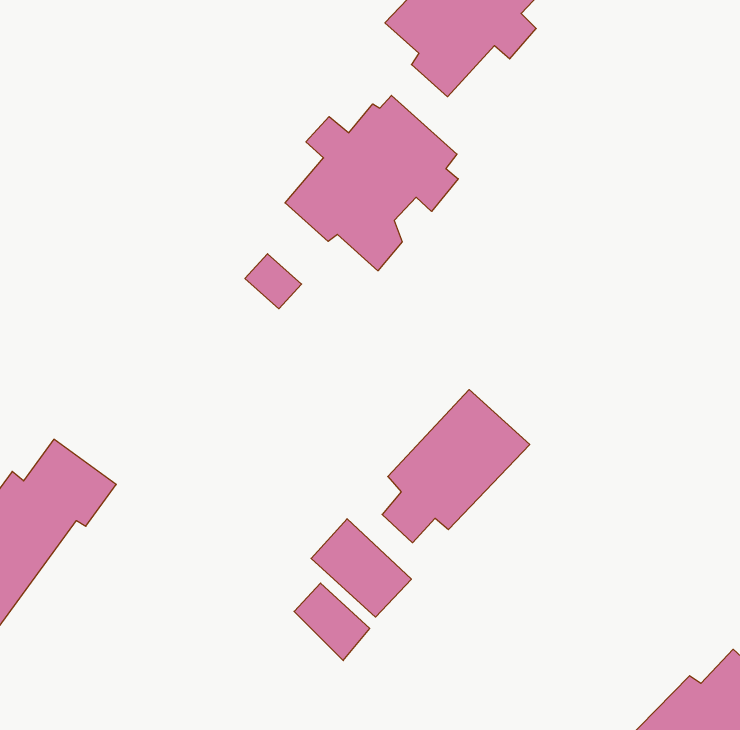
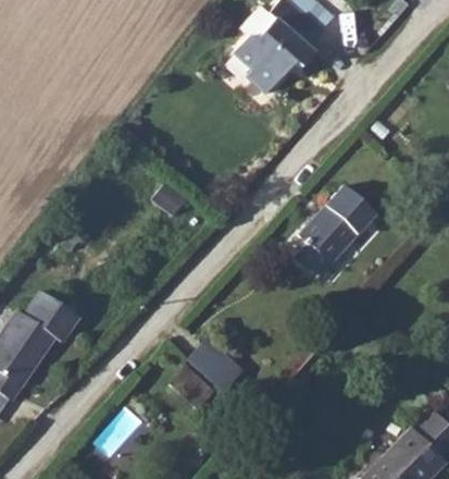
building: [285,95,458,271] -> none
building: [382,390,530,543] -> [299,183,384,271]

